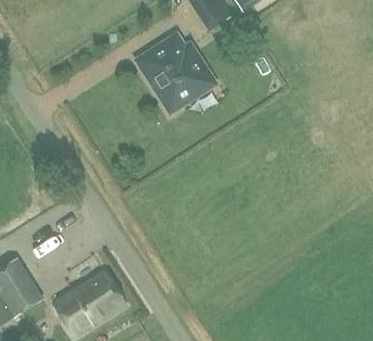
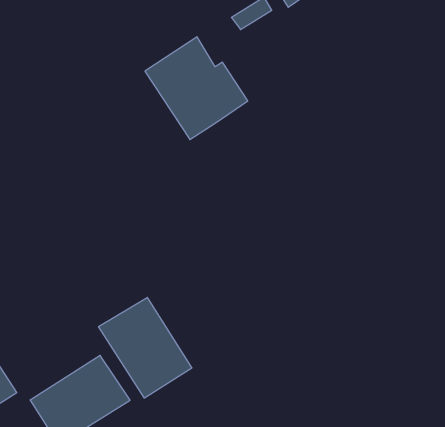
building: none -> [99,297,192,398]

